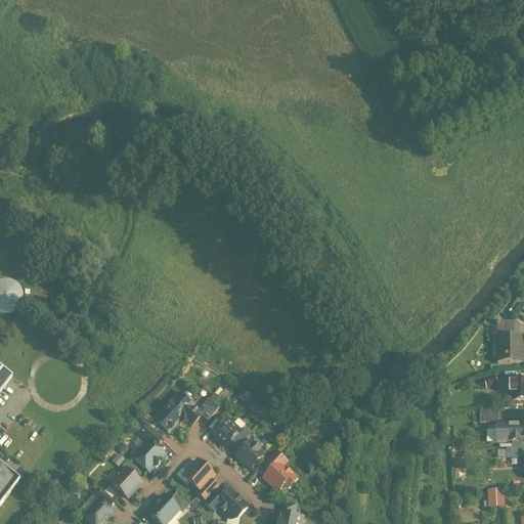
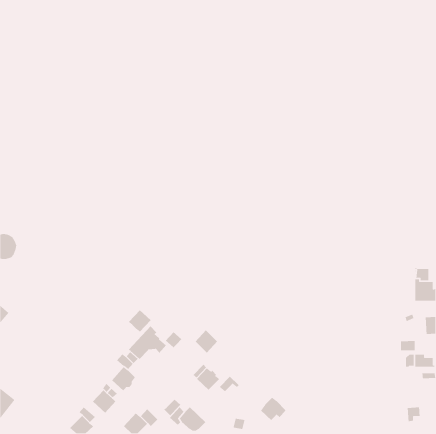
building: none -> [128,310,151,333]
building: [211,417,238,445] -> [195,329,218,353]
building: [182,458,213,488] -> none
building: [264,461,296,489] -> [260,397,287,421]

